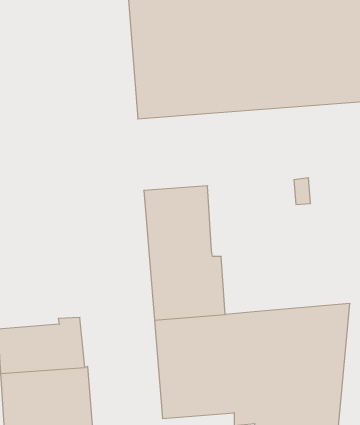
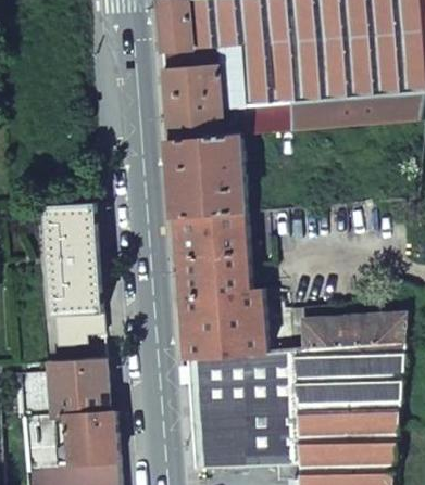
building: none -> [168,133,246,218]
building: none -> [46,202,102,345]
building: none -> [299,306,405,352]

